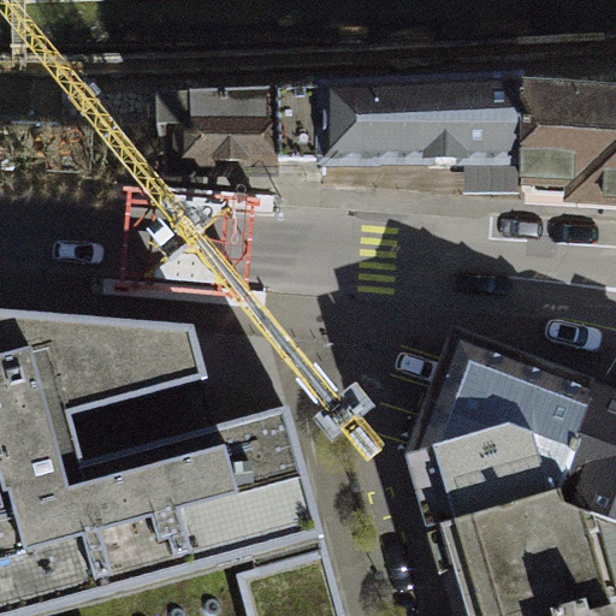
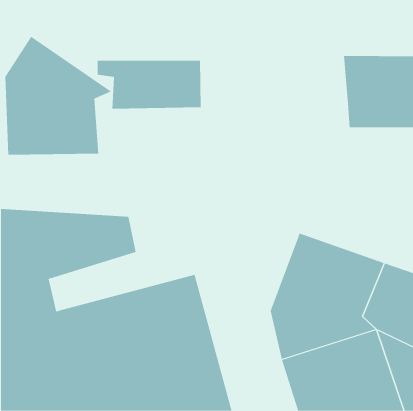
building: none -> [5,36,112,156]
building: [301,82,517,159] -> none

